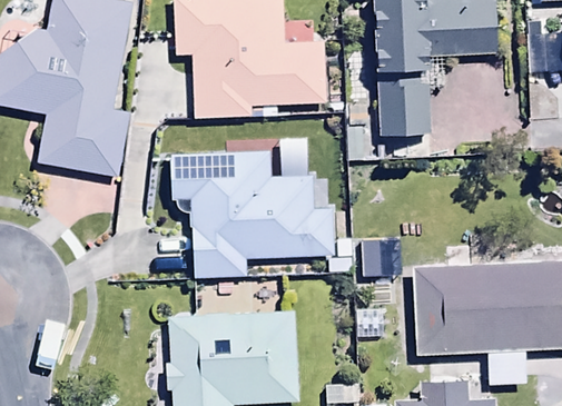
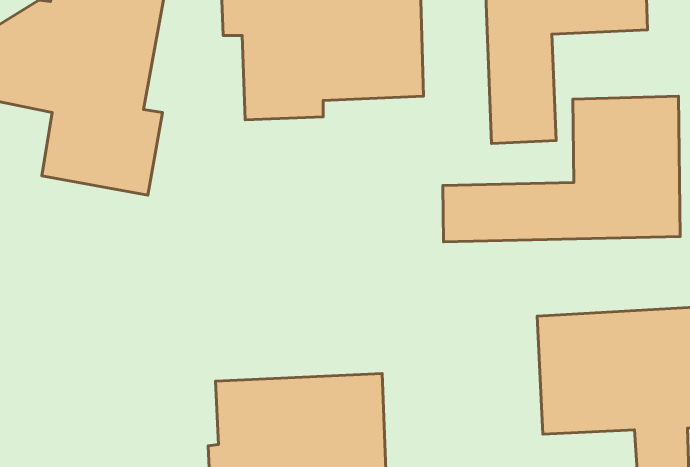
building: none -> [443,96,680,242]
building: [170,151,335,277] -> none

